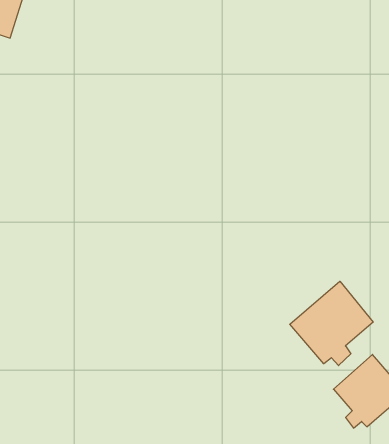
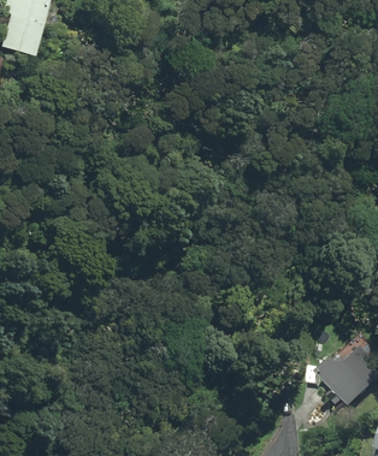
building: [290,281,373,366] -> none

